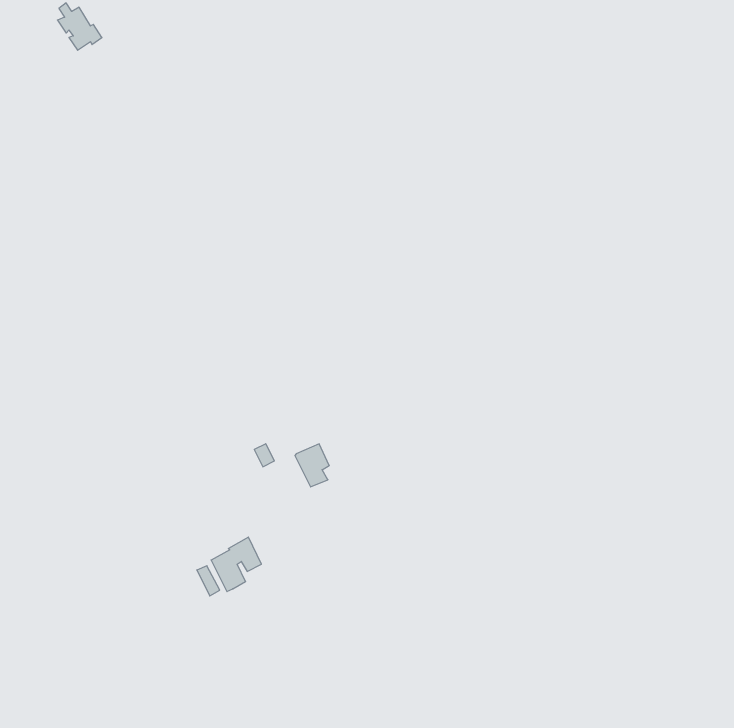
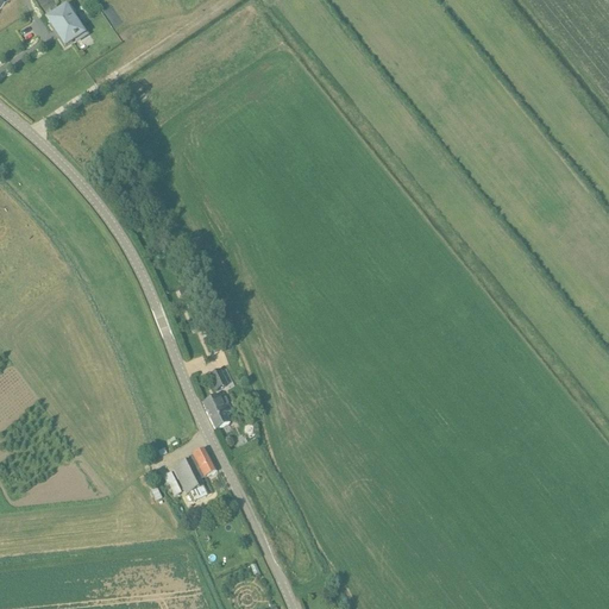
building: [295,444,329,487] -> [202,390,231,426]

